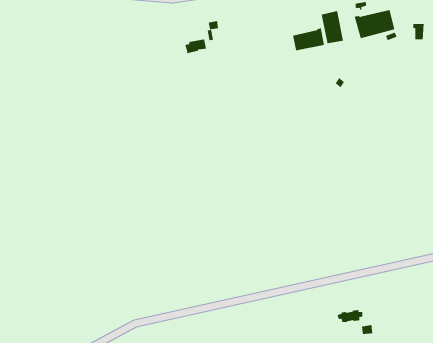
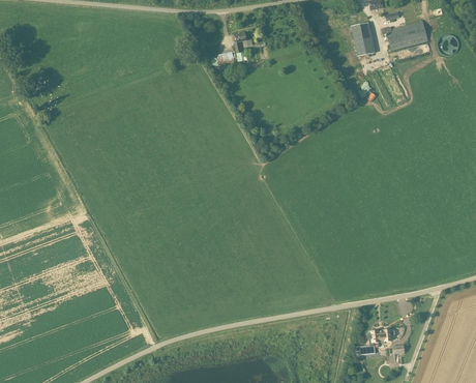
building: [292,28,324,51] -> none

